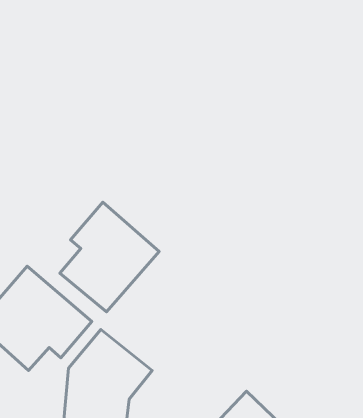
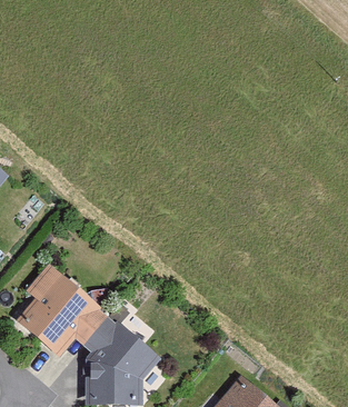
building: [60,202,159,312] -> none

